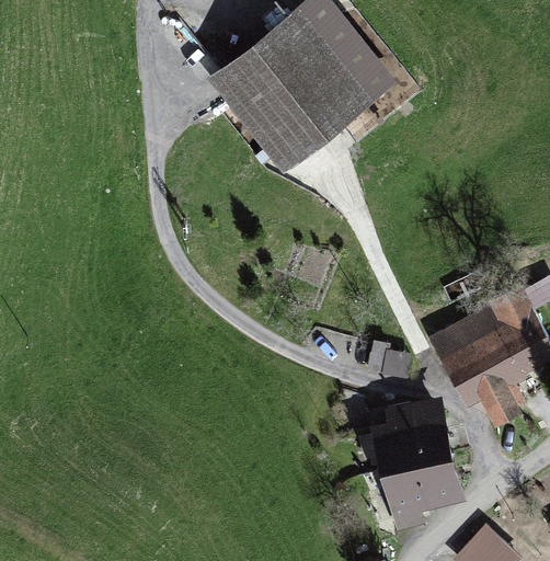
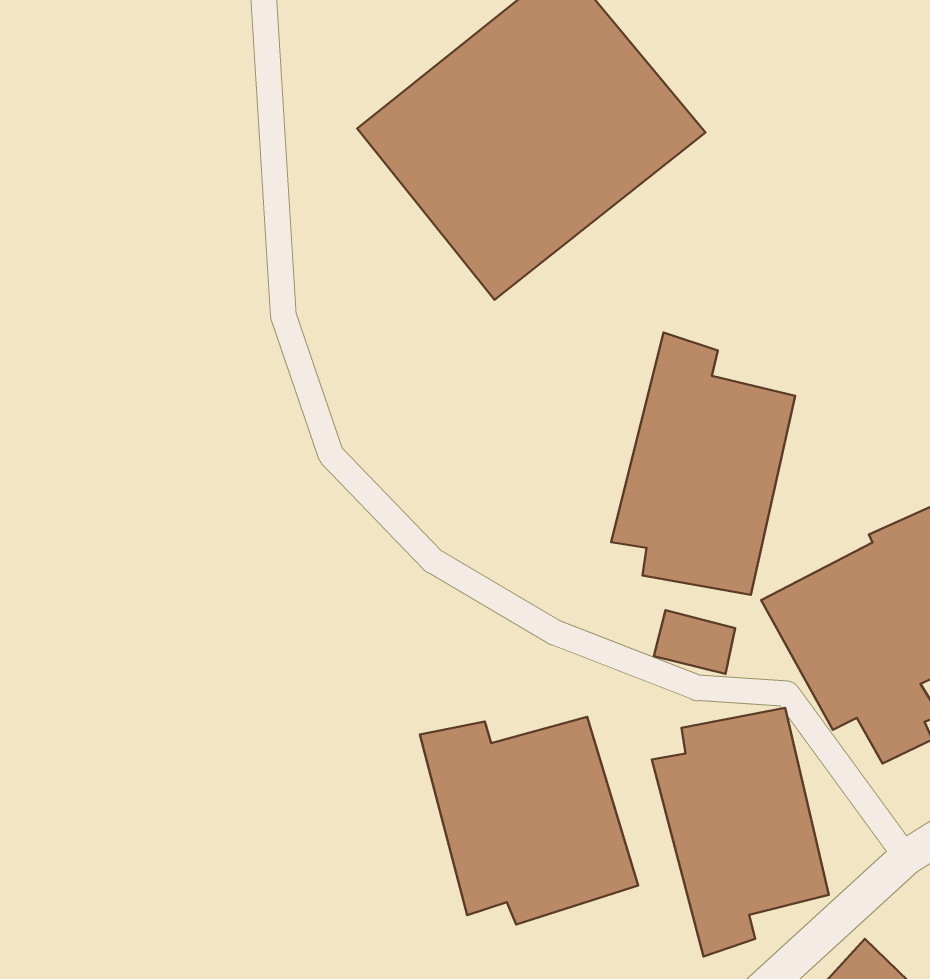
building: none -> [611,332,795,595]
building: none -> [420,717,638,924]

